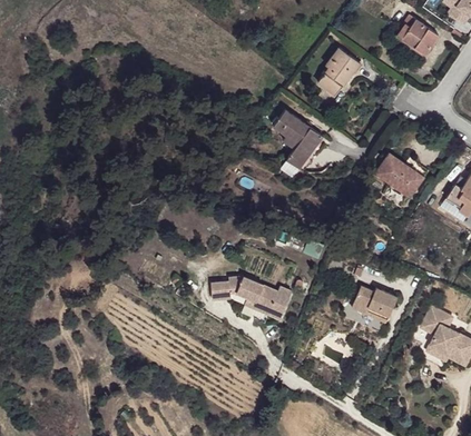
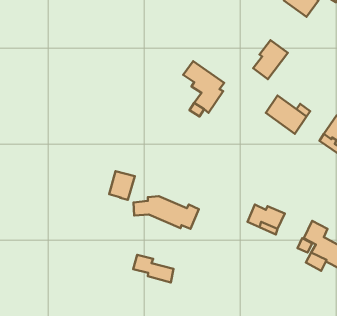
building: [317,48,360,96] -> [253,40,288,79]
building: none -> [109,171,135,200]
building: none -> [133,255,174,282]

